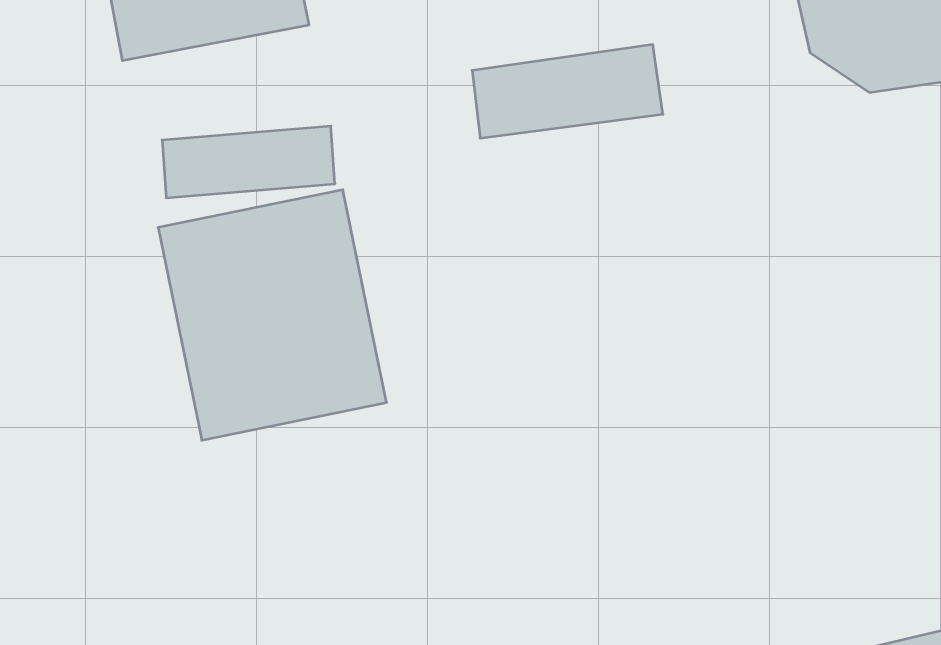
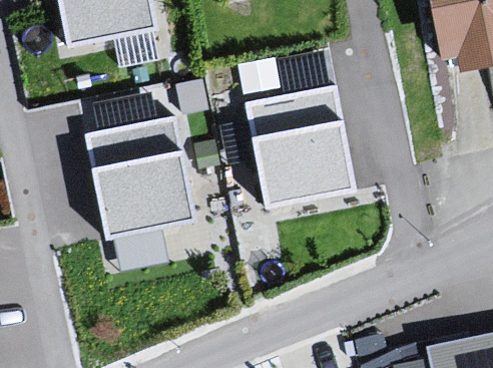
building: none -> [244,83,362,221]

